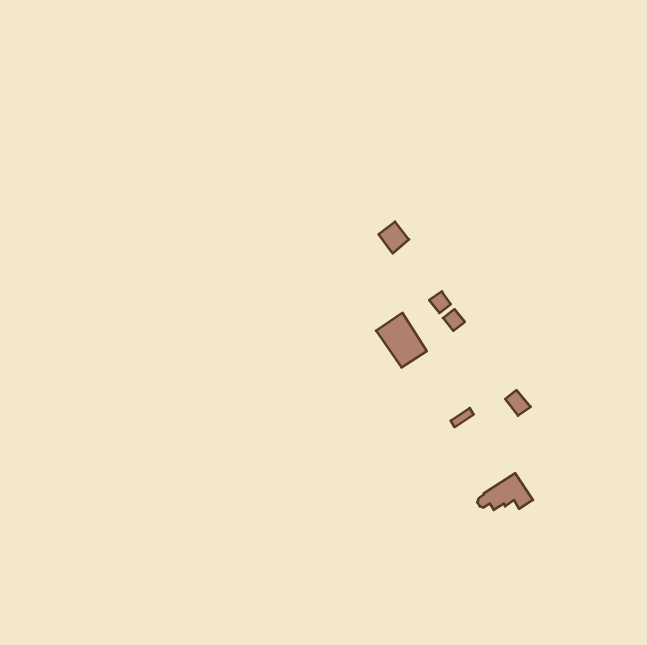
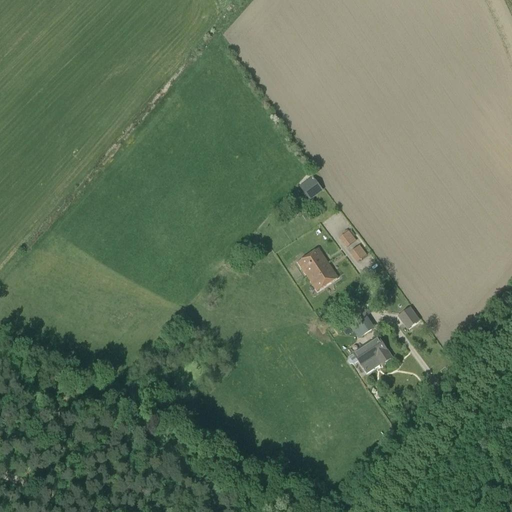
building: [477,473,533,510] -> [348,336,392,365]

